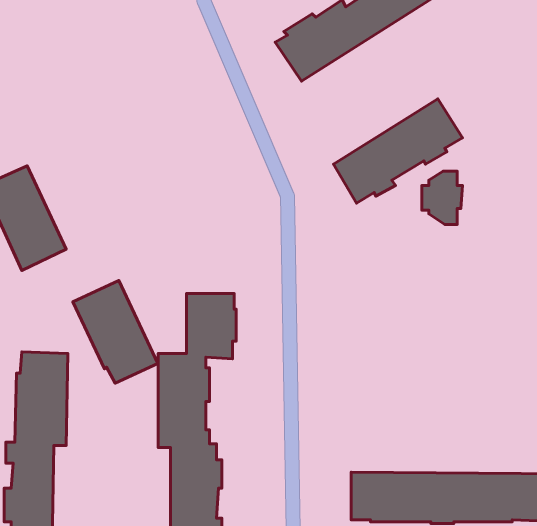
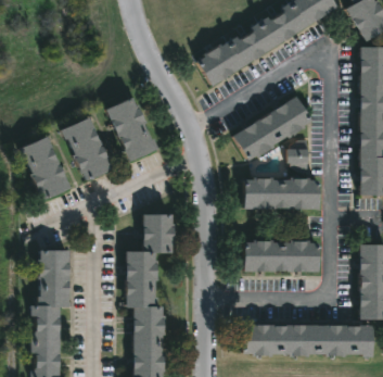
building: none -> [105,98,156,161]
building: none -> [242,177,320,209]
building: [73,280,158,383] -> [60,118,112,181]
building: none -> [243,240,318,273]

